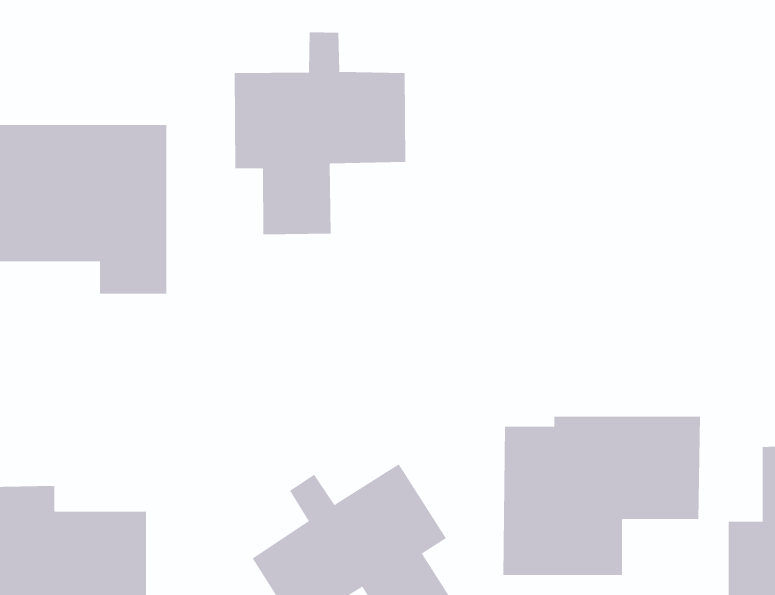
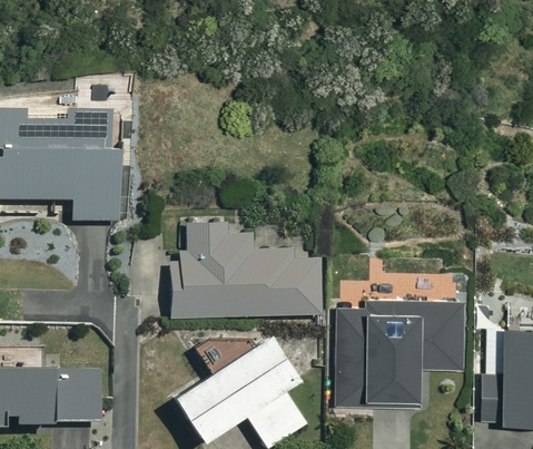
building: [234,32,406,235] -> none
building: none -> [174,226,319,316]

